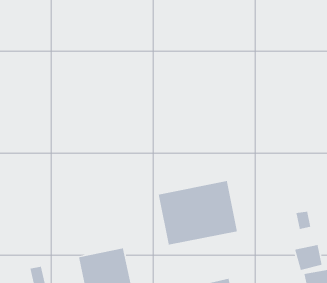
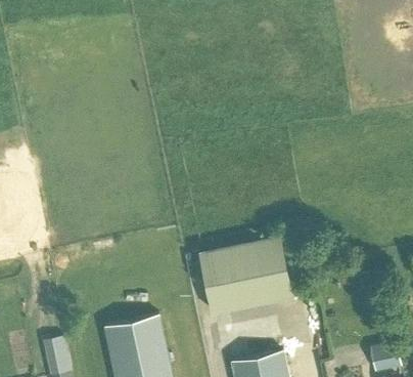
building: [294,244,323,271] -> none

